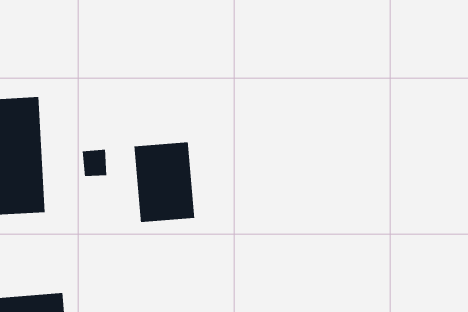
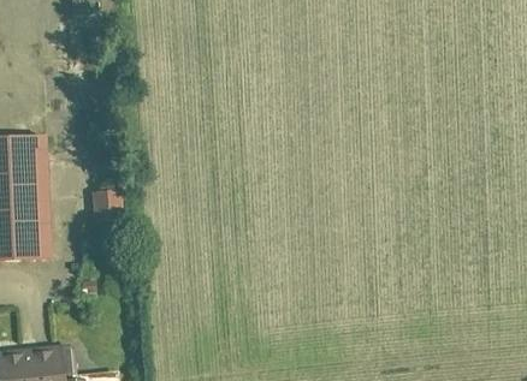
building: [134,141,195,223] -> none

